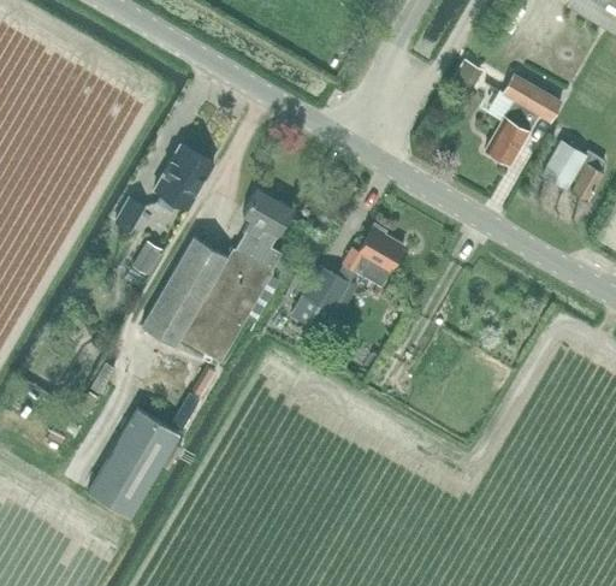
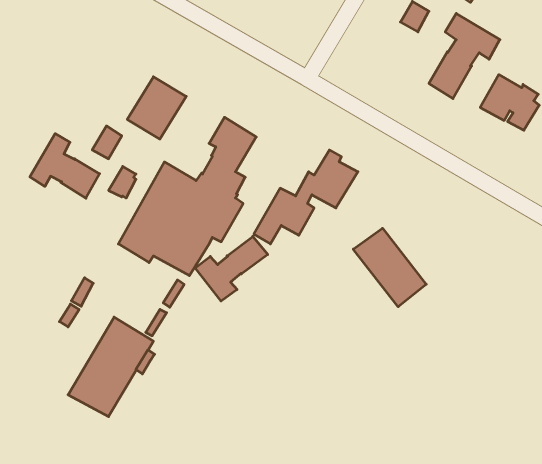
building: none -> [30,134,100,198]
building: none -> [353,228,426,307]
building: none -> [195,236,268,301]

